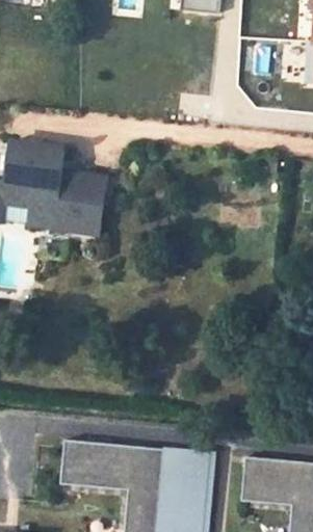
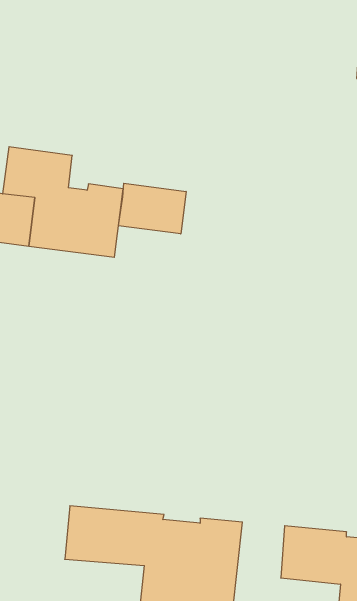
building: none -> [118,183,186,234]

